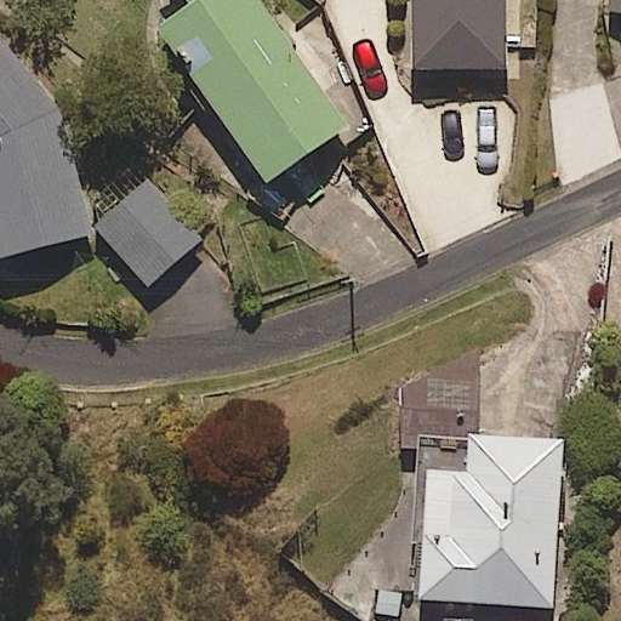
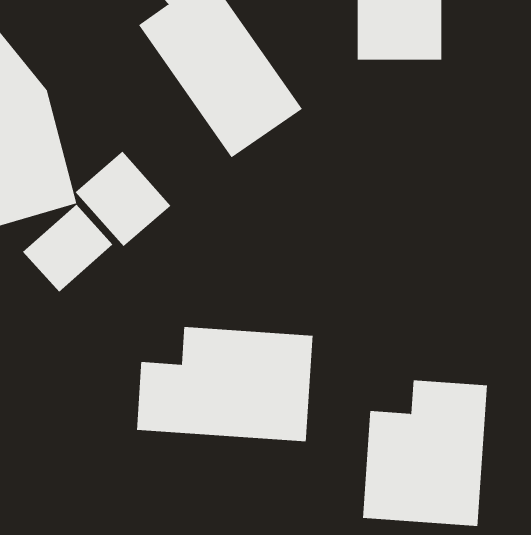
building: none -> [22,204,113,292]
building: none -> [136,326,313,442]

